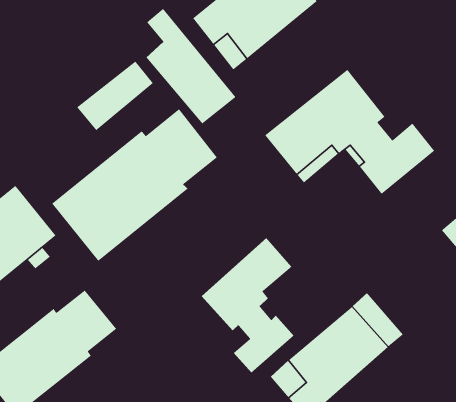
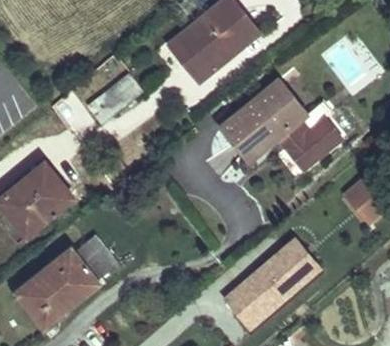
building: [145,8,237,125] -> none
building: [51,108,218,262] -> none
building: [201,237,294,374] -> none

